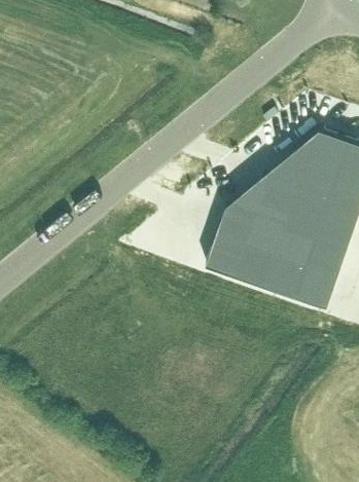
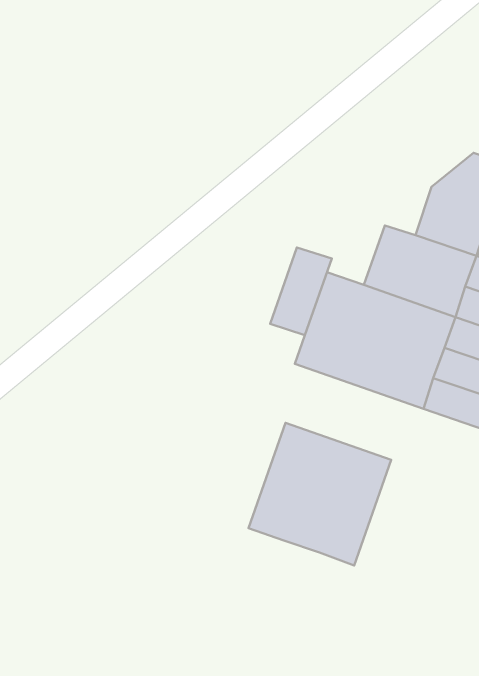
building: none -> [270,247,332,335]
building: none -> [248,423,391,565]

